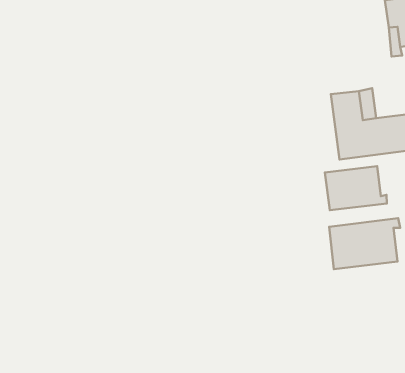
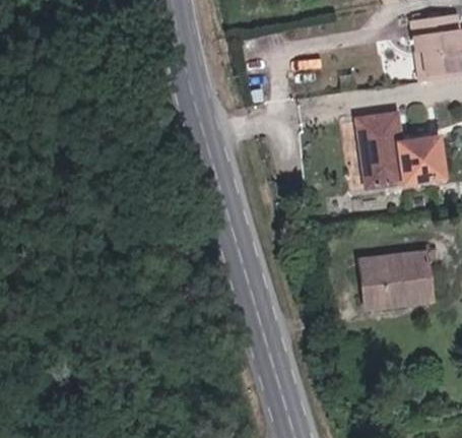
building: [325,166,387,210] -> none

